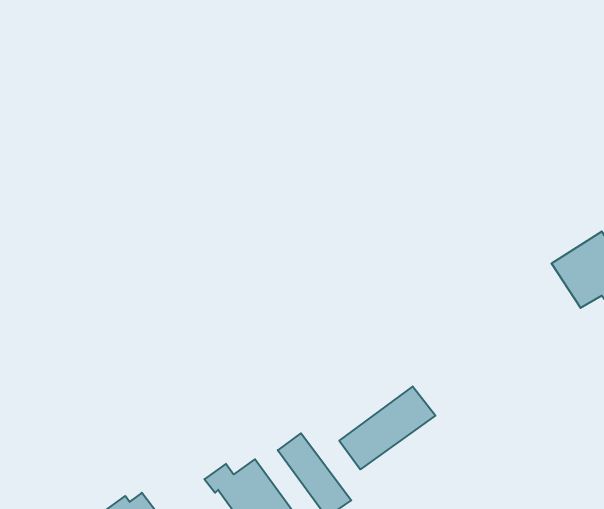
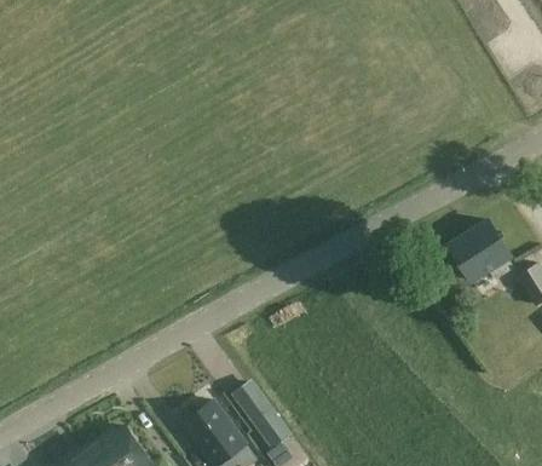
building: [339,386,435,469] -> none

